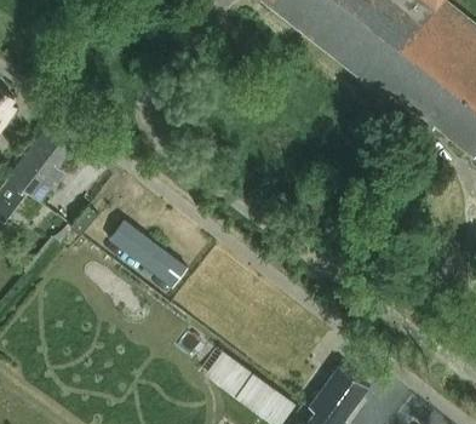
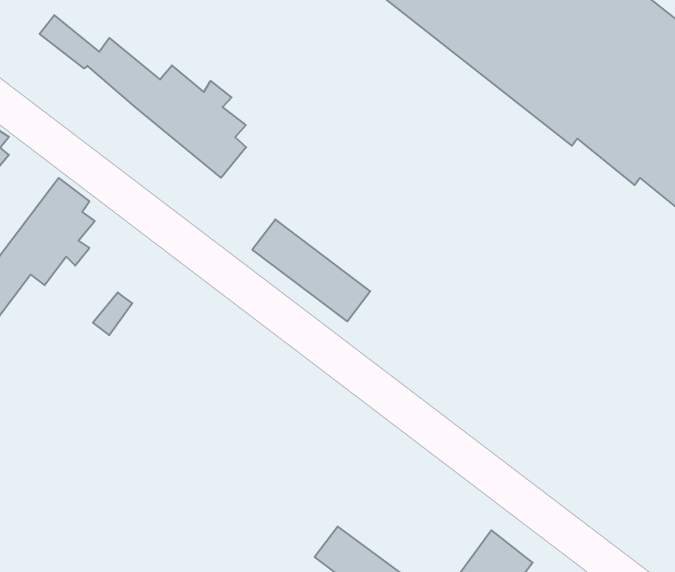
building: none -> [40,15,246,178]
building: [109,219,189,288] -> [252,219,370,321]

